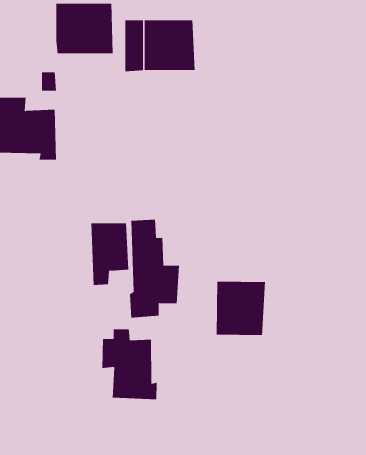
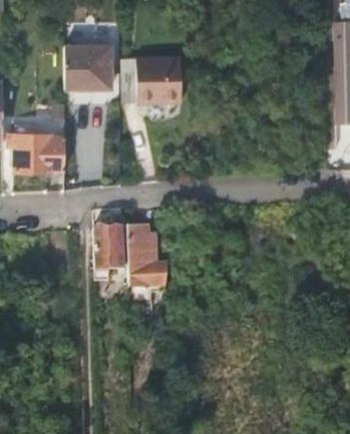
building: [216,281,266,336] -> none
building: [102,328,157,400] -> none

